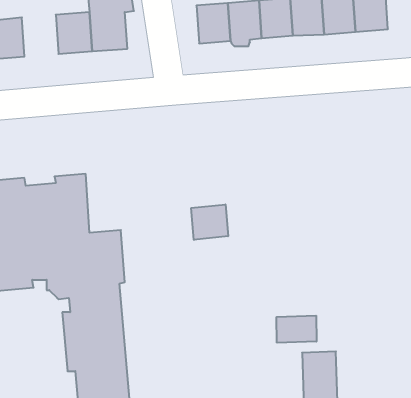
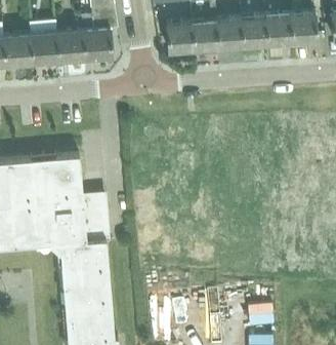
building: none -> [29,31,57,64]
building: [191,204,228,240] -> none
building: [277,316,316,343] -> none

